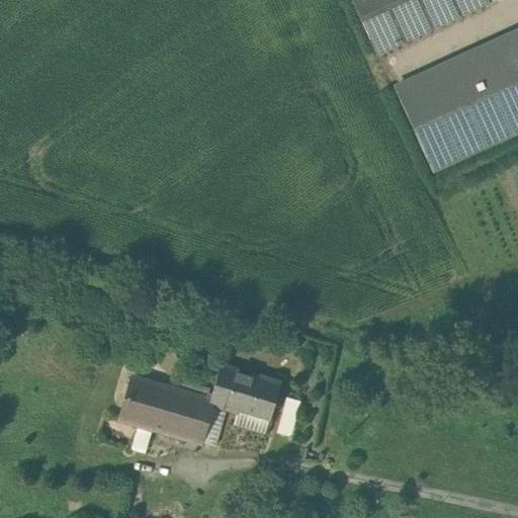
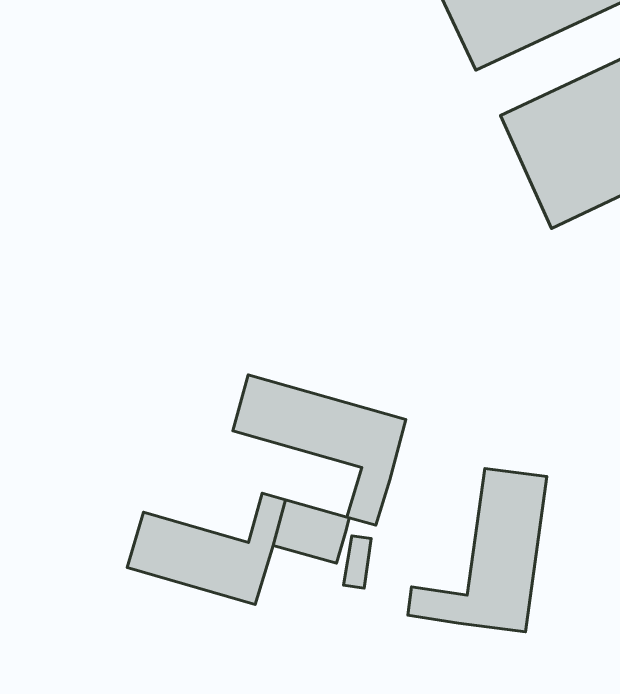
building: none -> [233,375,406,525]
building: none -> [408,468,547,632]

